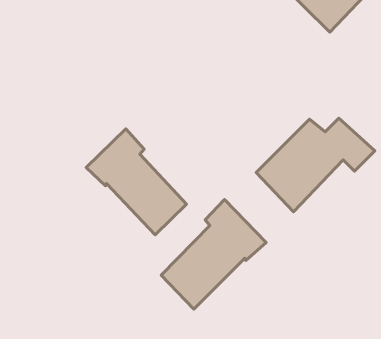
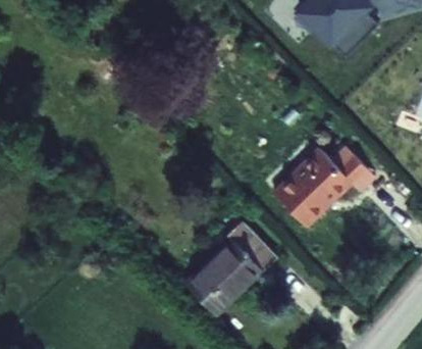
building: [86,129,186,235] -> none

